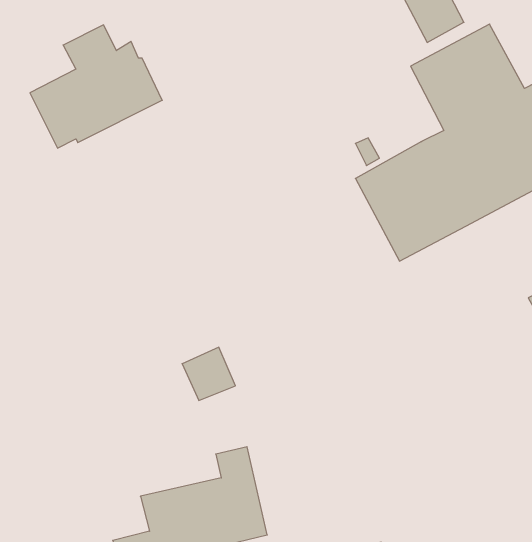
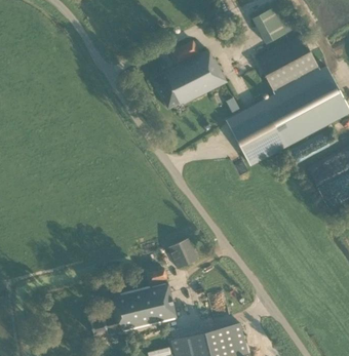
building: [30,25,162,148] -> [152,41,226,110]
building: [182,347,235,400] -> [168,239,198,269]

